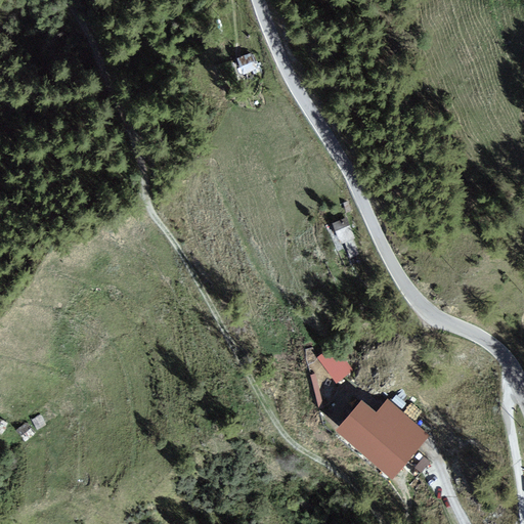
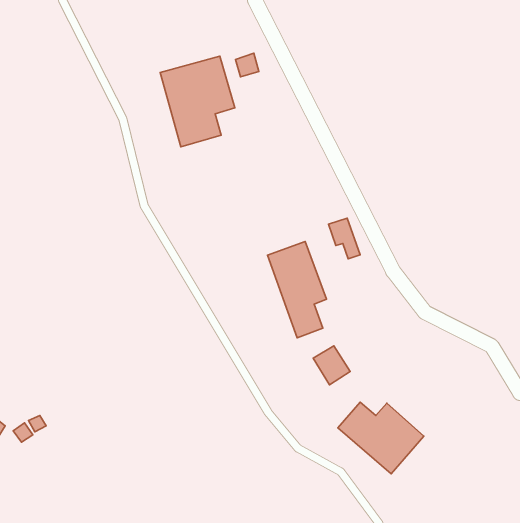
building: none -> [160,56,235,147]
building: none -> [267,242,327,338]

